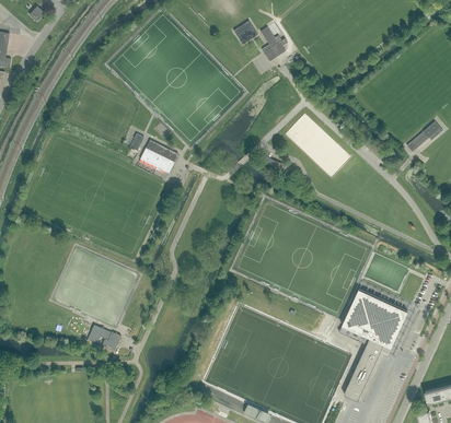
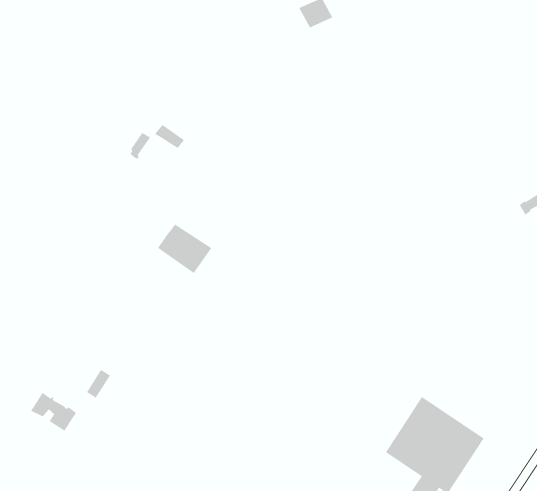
building: [259,27,287,62] -> none
building: [139,141,177,174] -> [157,224,212,274]

